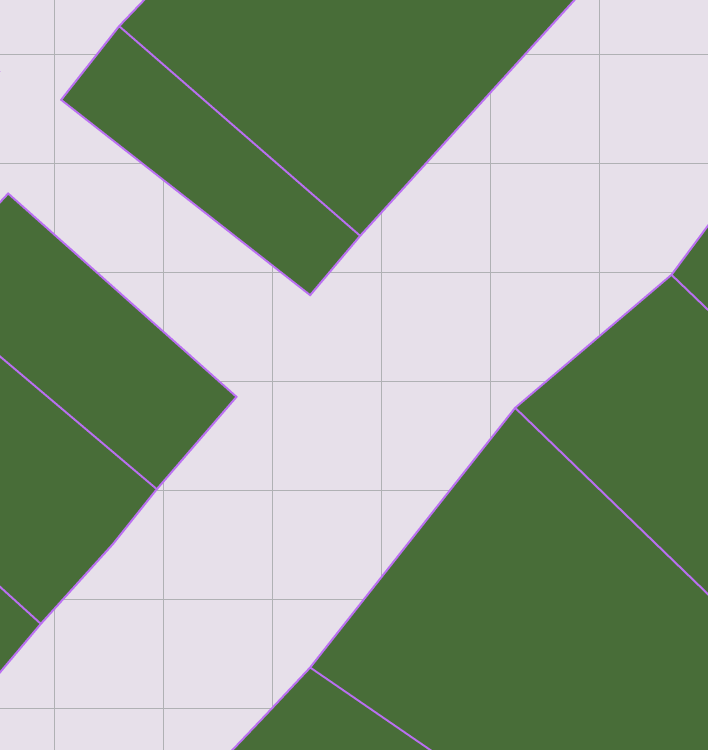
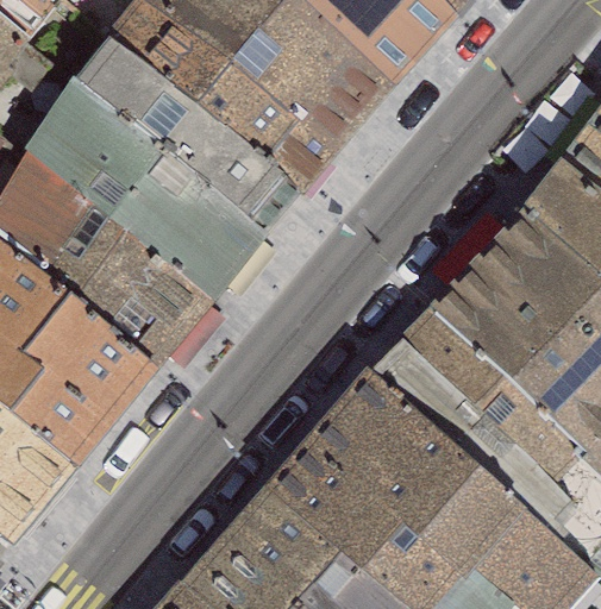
building: none -> [36,77,265,303]

